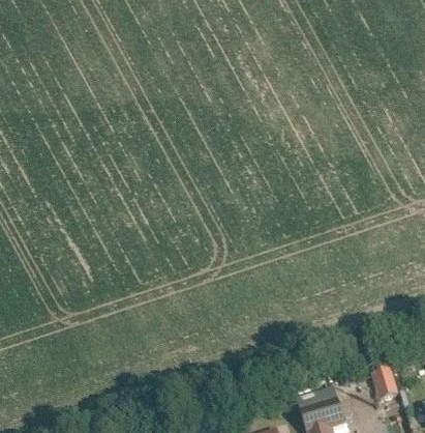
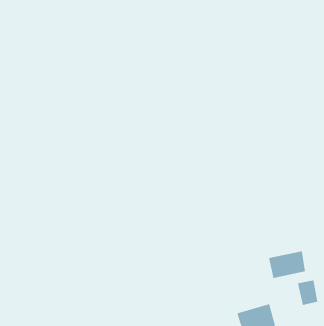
building: none -> [268,251,306,279]

